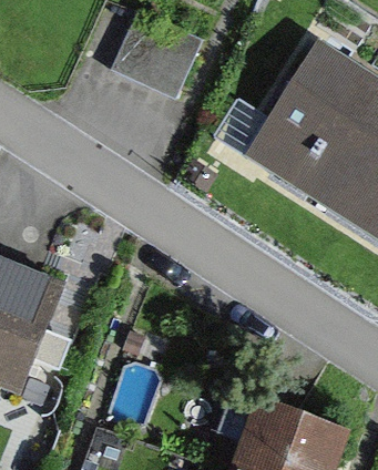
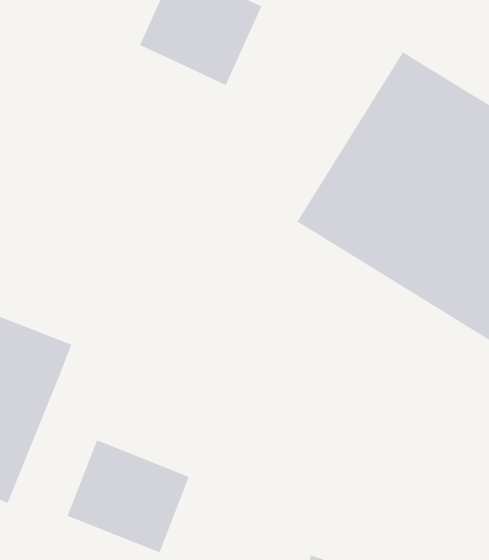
building: none -> [67,439,190,553]

